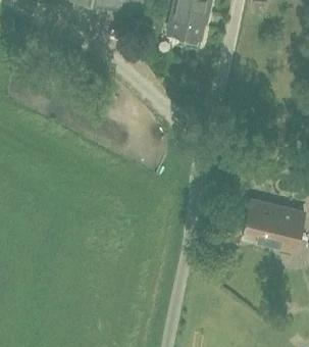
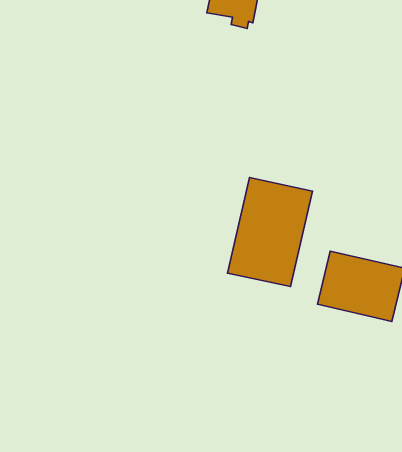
building: none -> [228,178,312,287]

